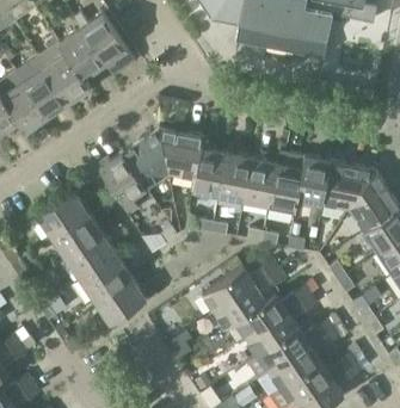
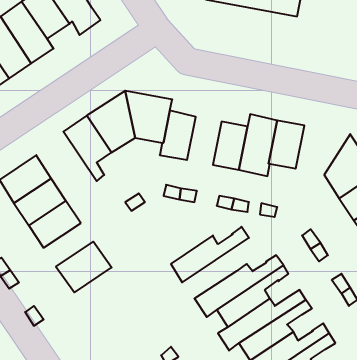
building: [219,154,252,200] -> none
building: [324,162,376,210] -> none
building: [80,256,128,298] -> none
building: [214,271,284,329] -> none

